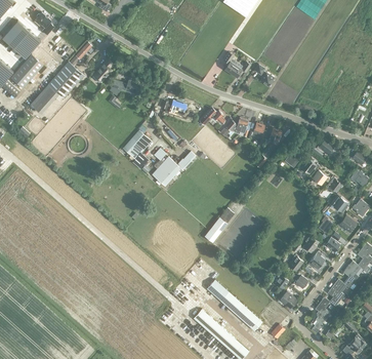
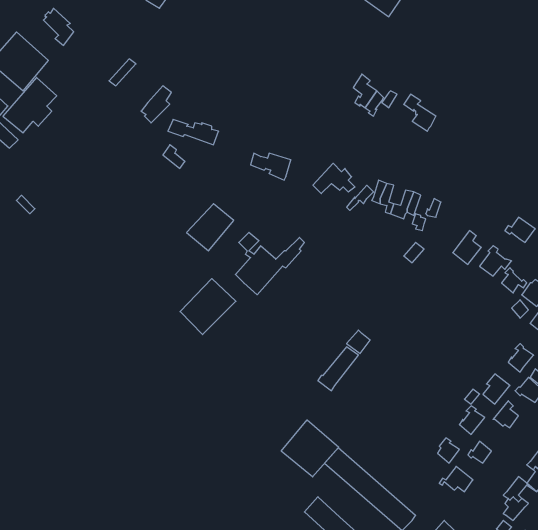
building: [33,62,83,109] -> none
building: none -> [180,279,236,335]
building: none -> [281,420,339,477]

